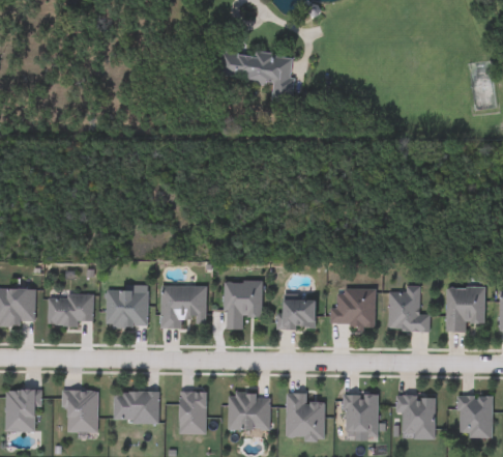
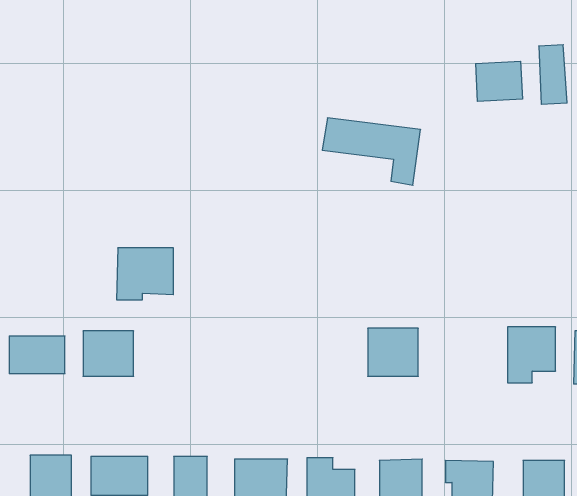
building: [215,49,294,103] -> [322,118,421,185]
building: none -> [476,61,522,101]
building: [225,281,262,330] -> none
building: [160,286,206,327] -> [117,248,173,300]
building: [388,288,430,331] -> none
building: [279,301,315,329] -> none

